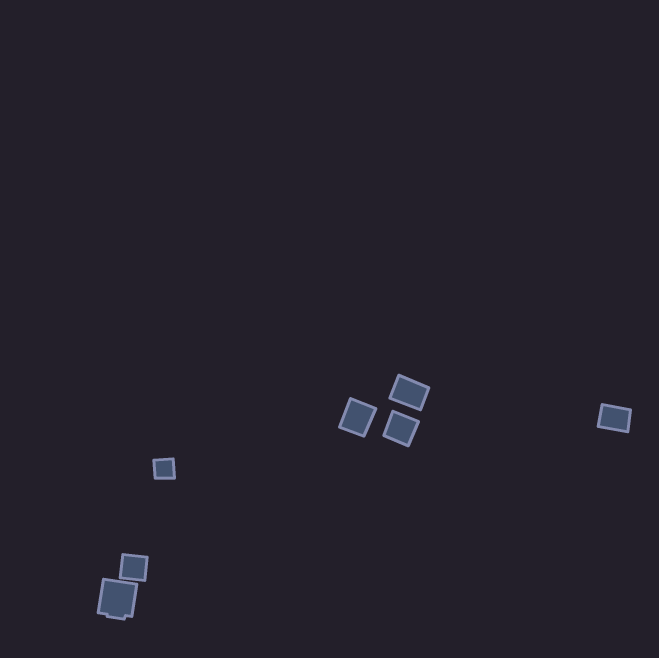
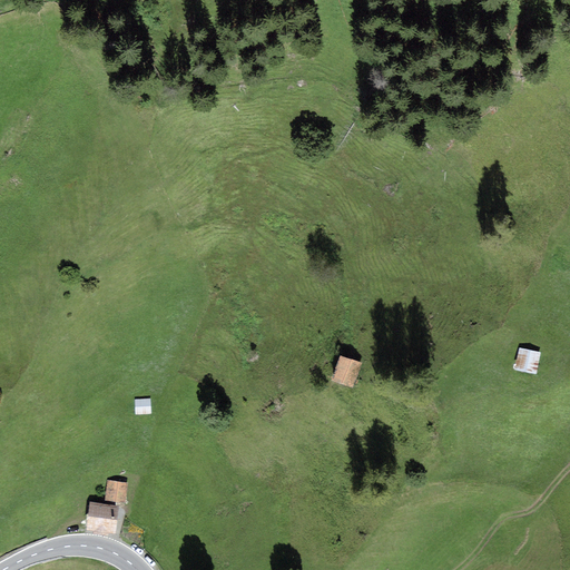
building: [390,375,429,410] -> none
building: [340,398,376,436] -> none

